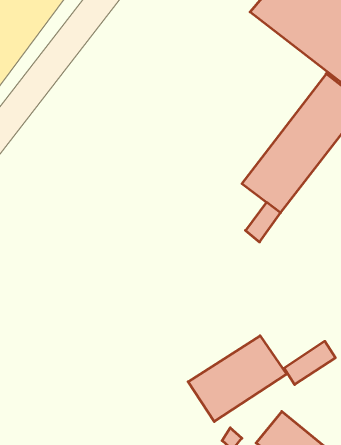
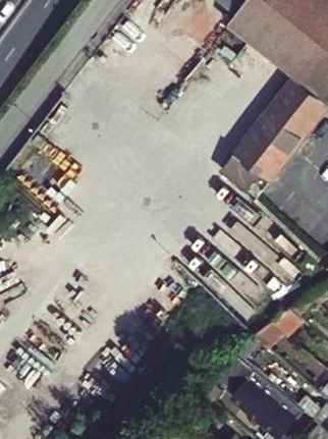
building: [188,336,286,422] -> none

